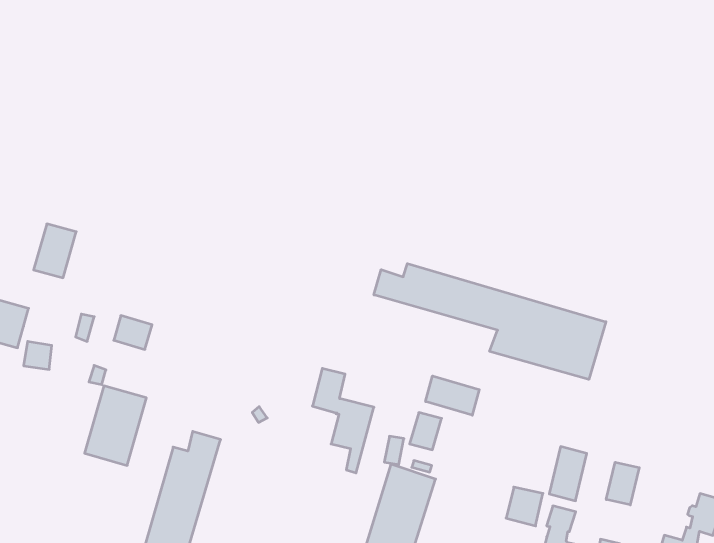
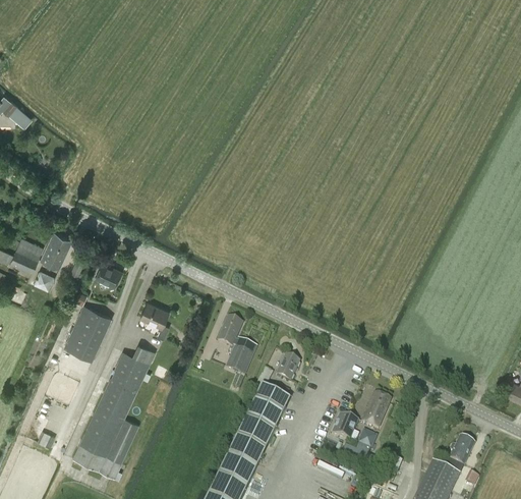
building: [34,224,76,278] -> [40,231,71,268]
building: [374,264,606,379] -> none
building: none -> [139,301,169,339]
building: [426,376,479,415] -> none
building: [606,462,639,505] -> none

